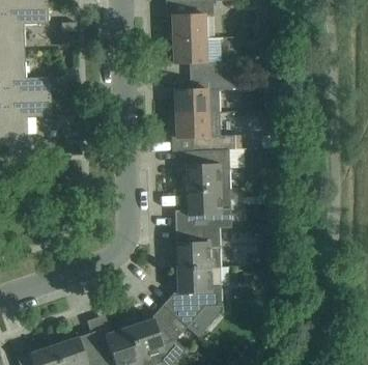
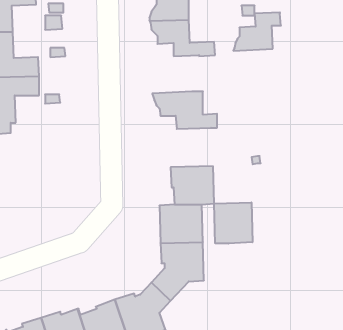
building: [168,75,217,114] -> [233,12,281,51]
building: [186,149,230,190] -> none
building: none -> [214,202,252,244]

